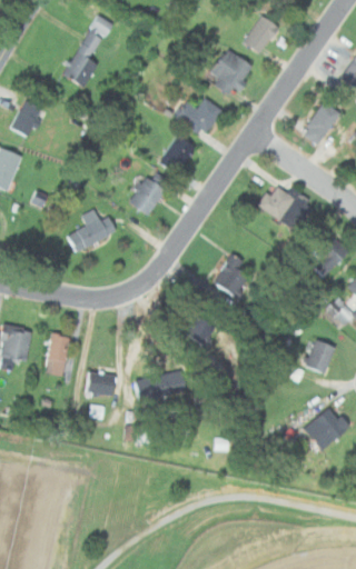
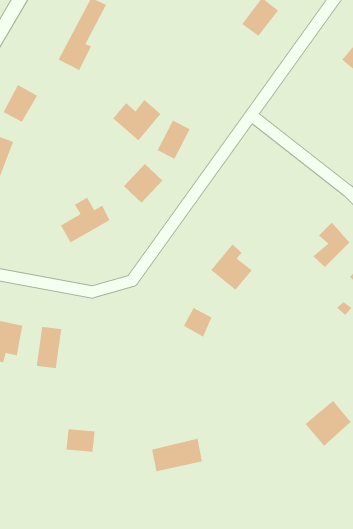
building: [210,48,255,93] -> none
building: [175,97,222,138] -> [112,99,162,141]
building: [301,101,340,144] -> none
building: [258,184,314,231] -> none
building: [305,339,335,372] -> none
building: [136,368,186,401] -> [151,438,203,472]
building: [86,371,115,395] -> [66,428,95,453]

